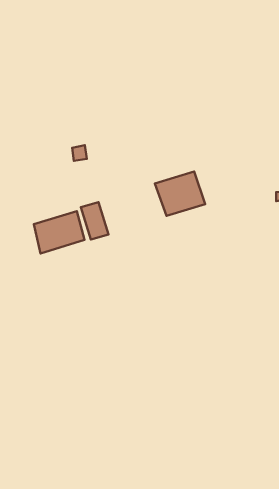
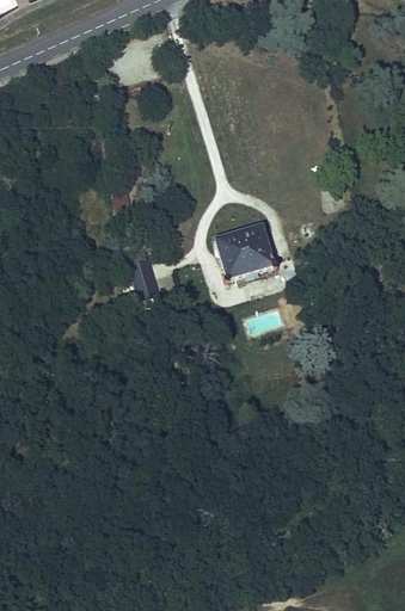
building: [34,211,85,253] -> none

